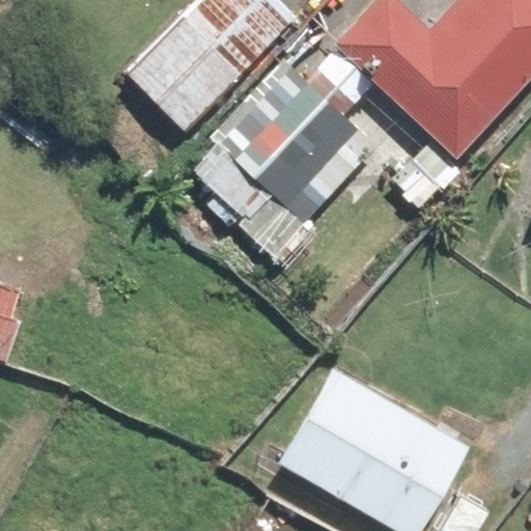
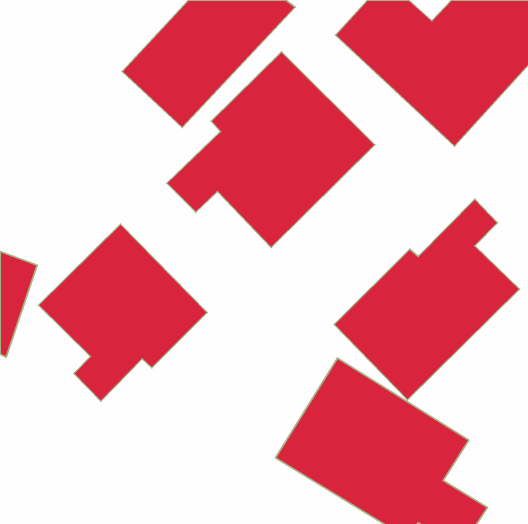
building: none -> [334,199,519,400]
building: none -> [38,224,207,401]

